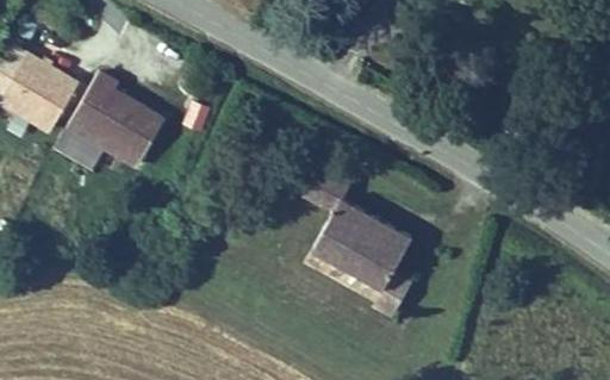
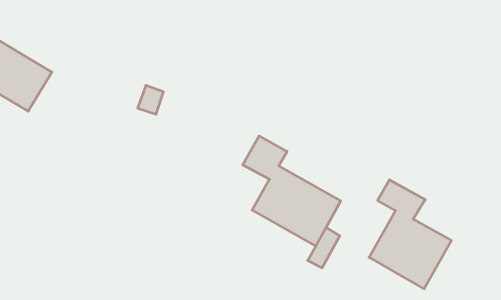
building: [64,79,162,174] -> none
building: none -> [369,180,451,289]

